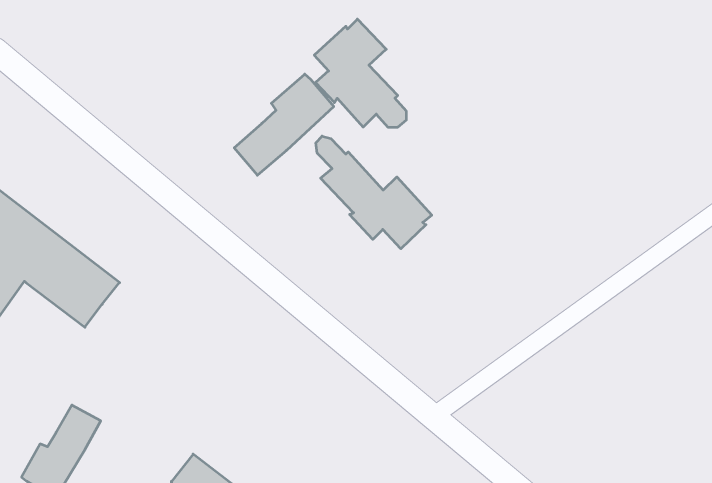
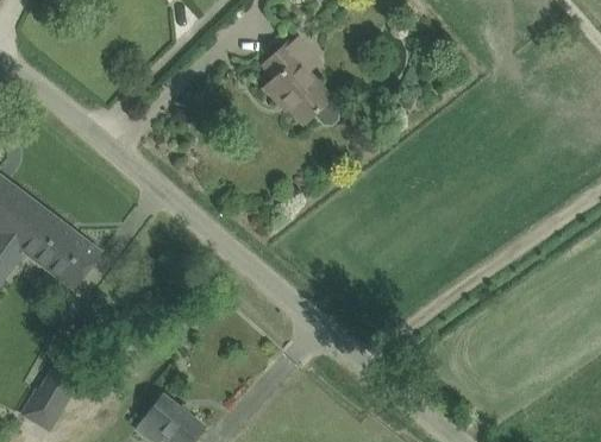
building: [234,74,334,175] -> none
building: [316,136,432,249] -> none

